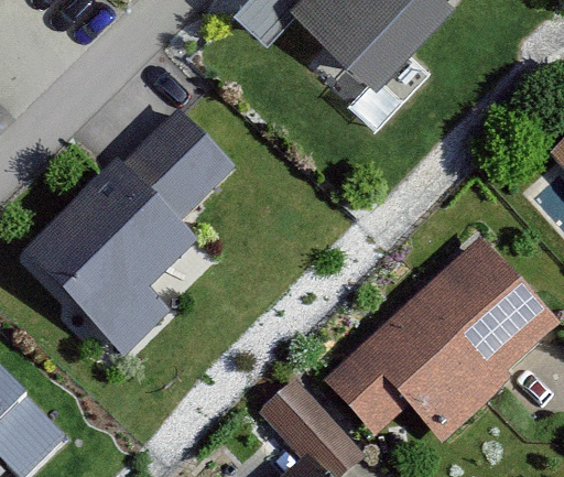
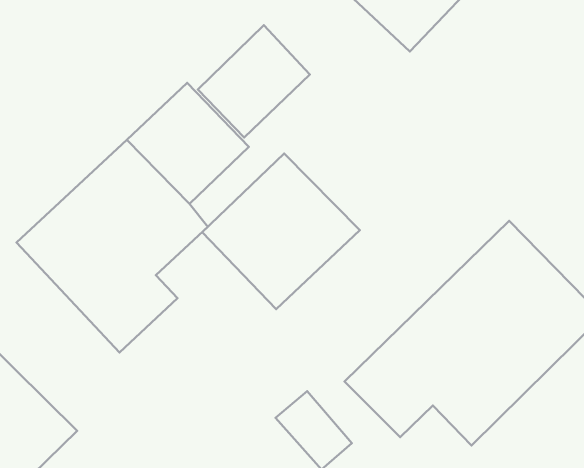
building: none -> [198,25,310,138]
building: none -> [202,153,360,309]

